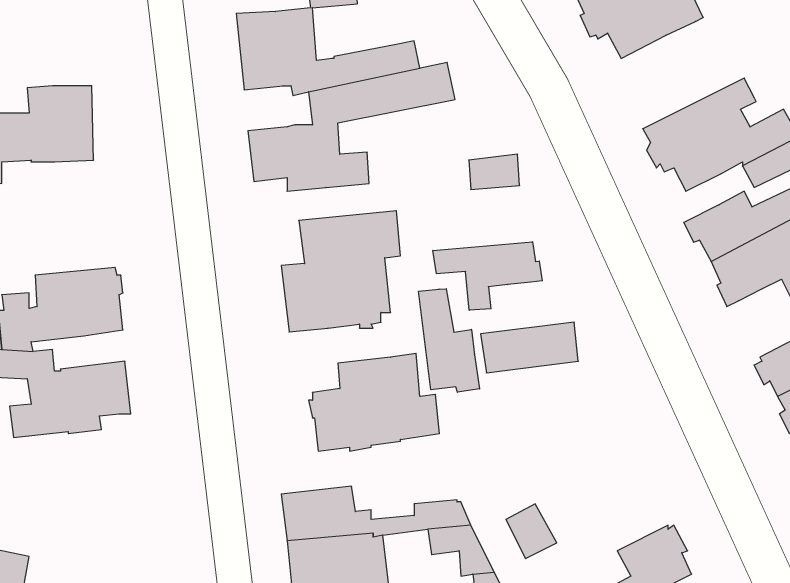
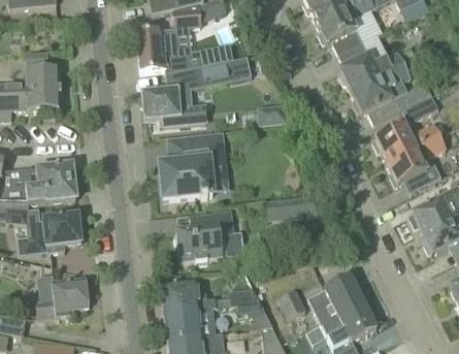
building: none -> [338,42,404,92]
building: [433,242,542,310] -> none
building: [419,289,480,392] -> none
building: none -> [307,276,364,324]
building: none -> [34,279,88,319]

